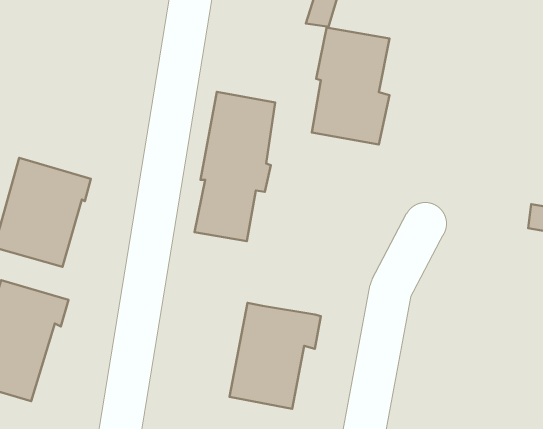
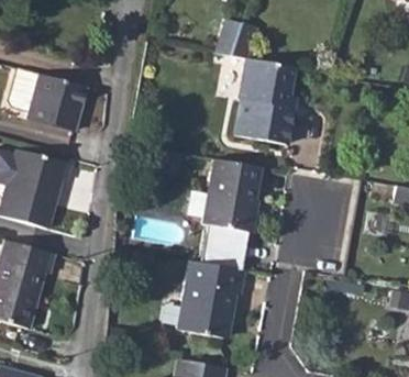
building: none -> [15,70,92,134]
building: [195,92,275,241] -> [200,157,259,267]

